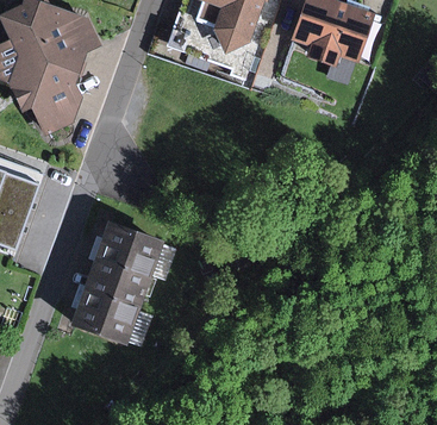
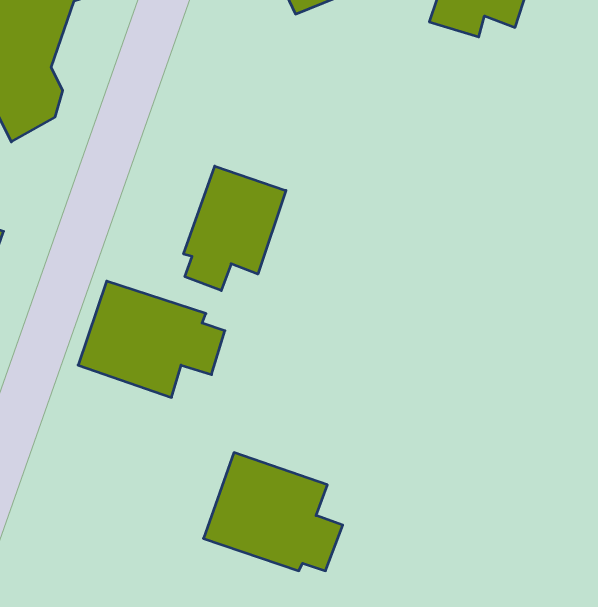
building: none -> [184,166,286,291]
building: [68,270,155,344] -> [203,453,343,571]

